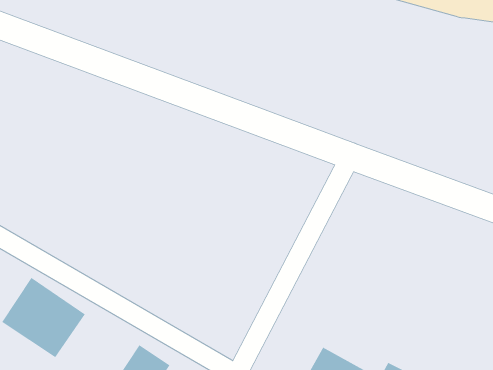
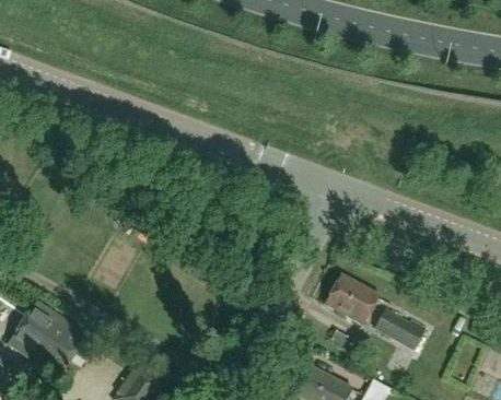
building: none -> [324,272,380,323]
building: none -> [373,308,424,350]

